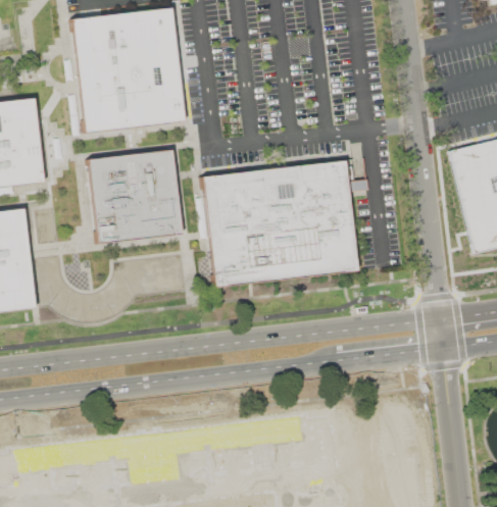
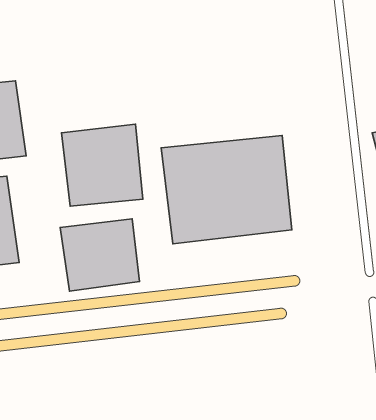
building: [71,8,187,131] -> none
building: none -> [60,219,140,291]

